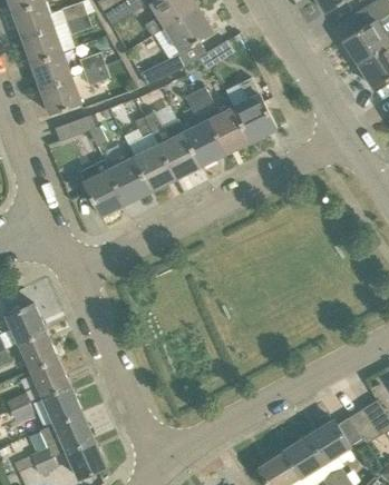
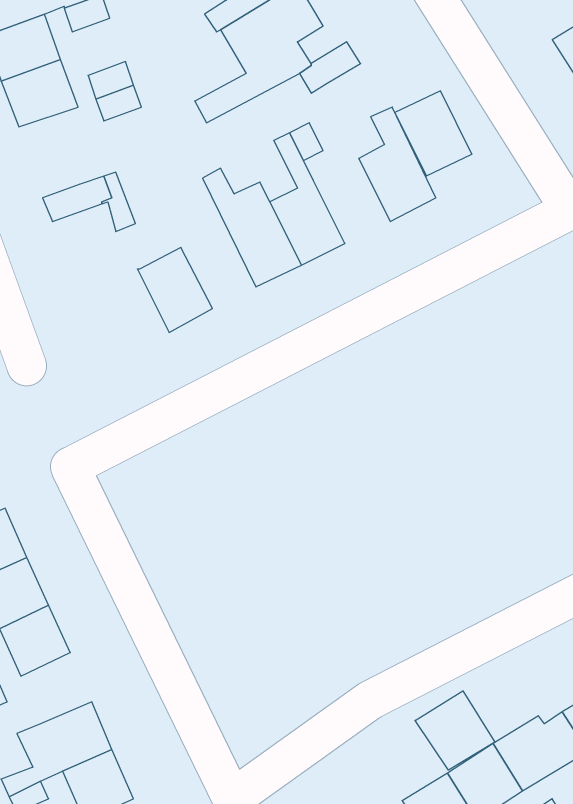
building: [40,78,82,115] -> none
building: [206,107,250,155] -> [395,91,472,176]
building: [126,118,174,191] -> none
building: [78,160,125,217] -> none
building: [41,385,81,425] -> none
building: none -> [415,691,495,770]

